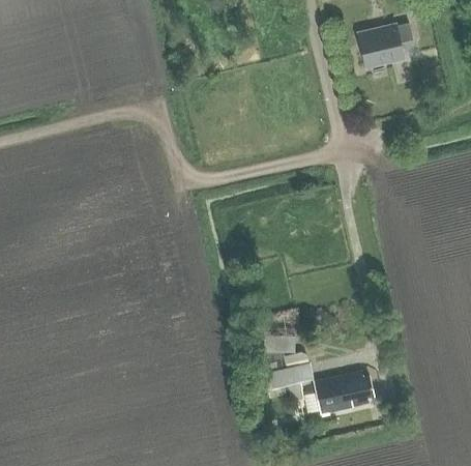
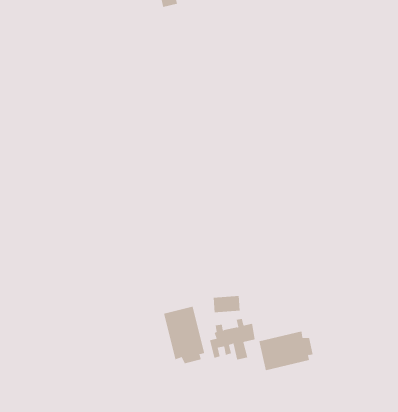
building: [360,25,413,66] -> none
building: none -> [164,306,205,364]

